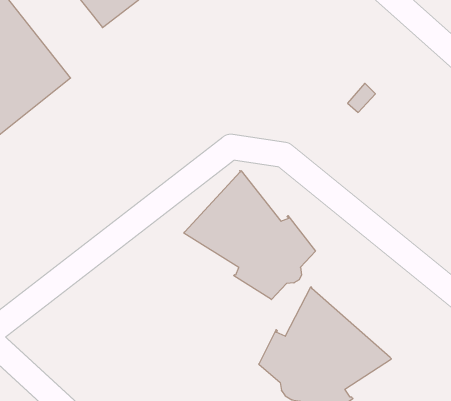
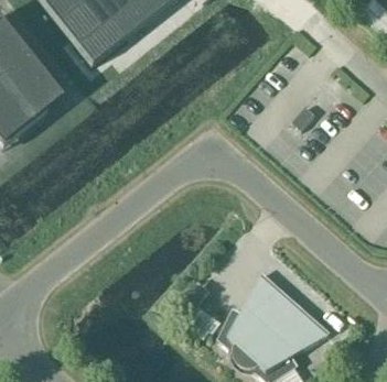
building: [184,171,315,300] -> none

